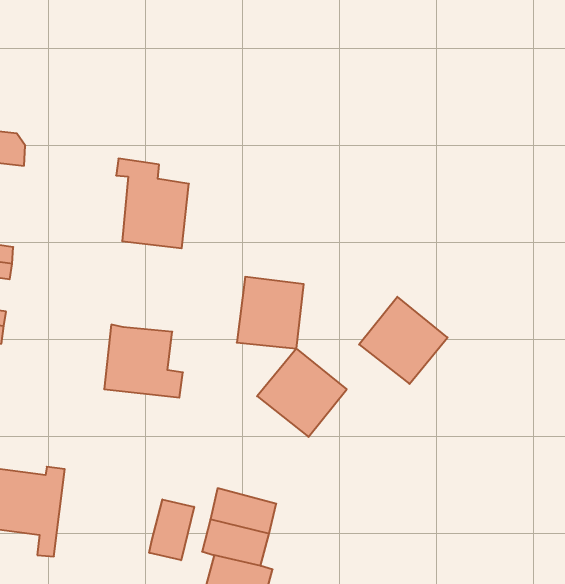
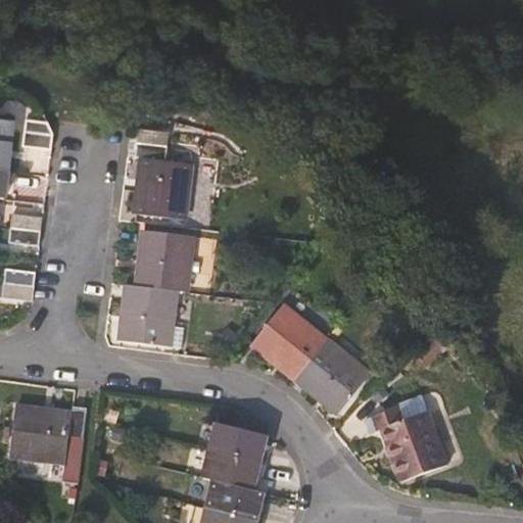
building: [237,277,304,349] -> [136,229,193,290]
building: [359,297,448,384] -> [294,338,370,413]
building: none -> [367,409,448,483]
building: [149,499,194,560] -> none

